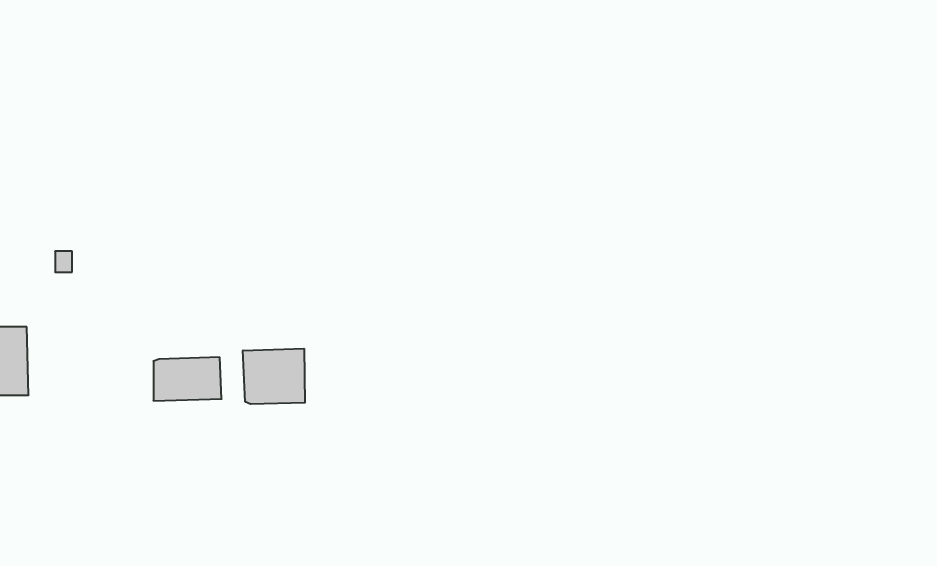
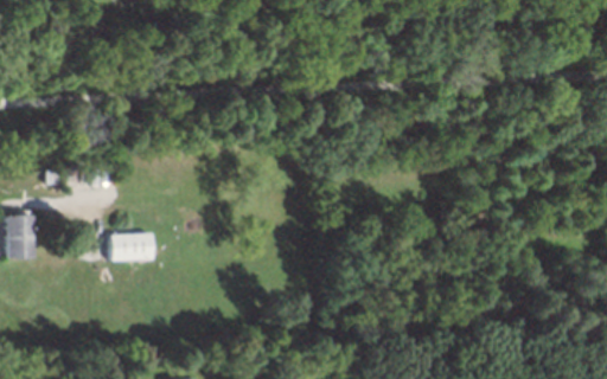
building: [243,349,305,404] -> none

